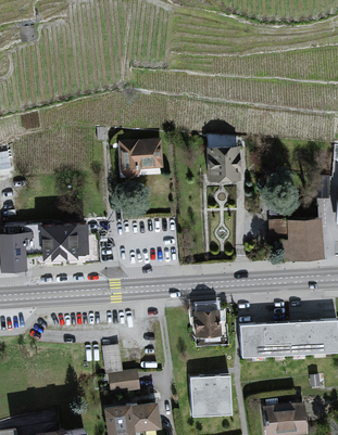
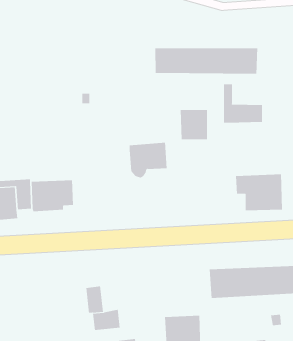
building: none -> [155,47,258,75]
building: none -> [224,83,263,124]
building: [118,138,162,178] -> [129,142,168,178]
building: [195,309,220,336] -> none

